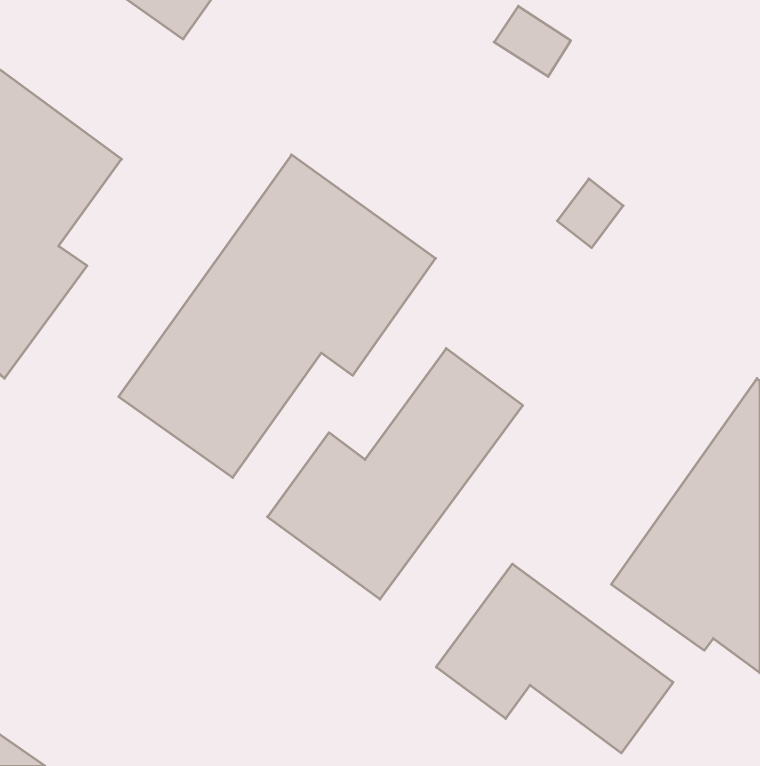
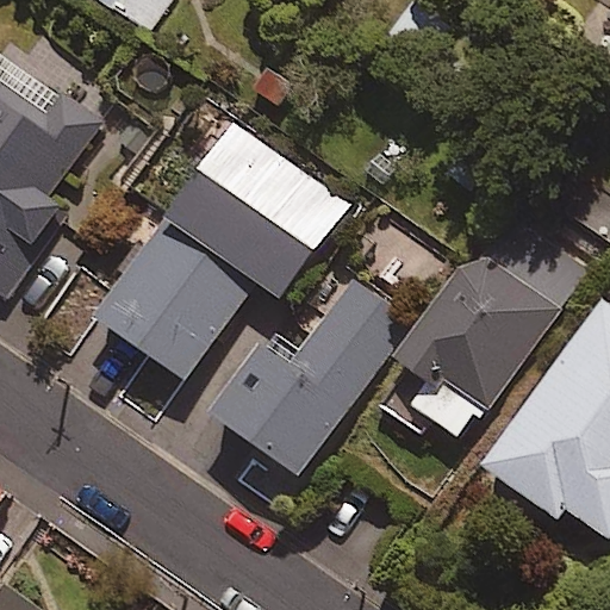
building: none -> [384,212,586,440]
building: [436,564,673,753] -> none

